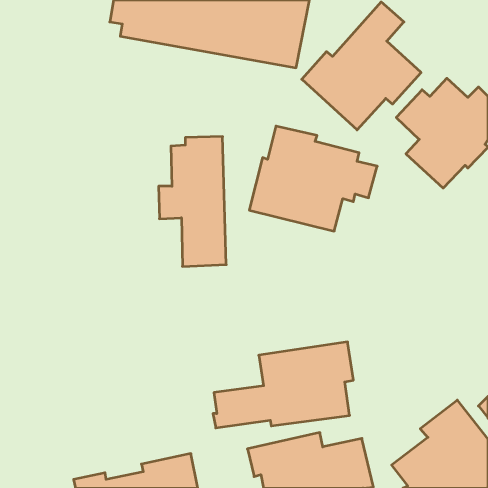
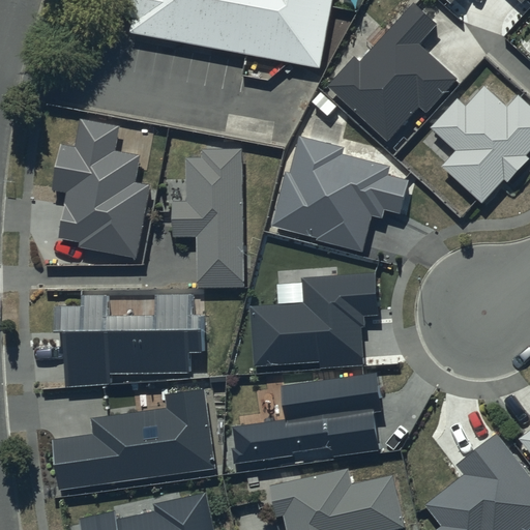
building: none -> [52,118,150,257]
building: none -> [251,272,380,367]
building: none -> [53,294,206,387]
building: none -> [53,389,214,489]

